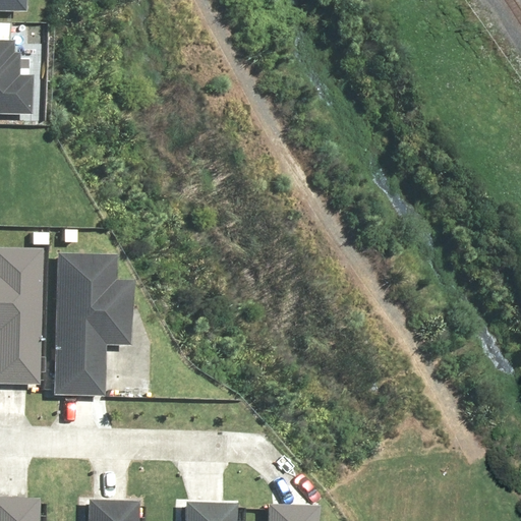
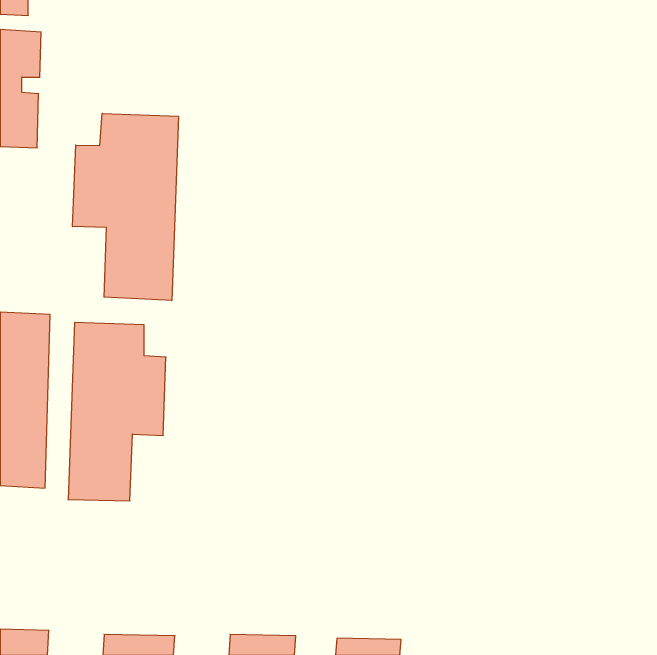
building: none -> [73,113,178,301]

